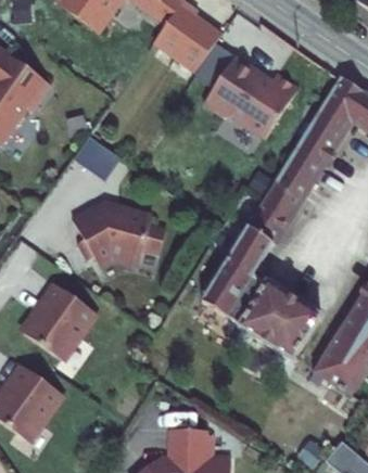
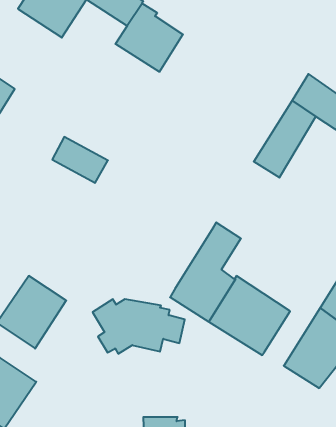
building: [198,56,292,137] -> none
building: [246,165,310,243] -> none
building: [75,205,168,260] -> [93,299,185,354]

